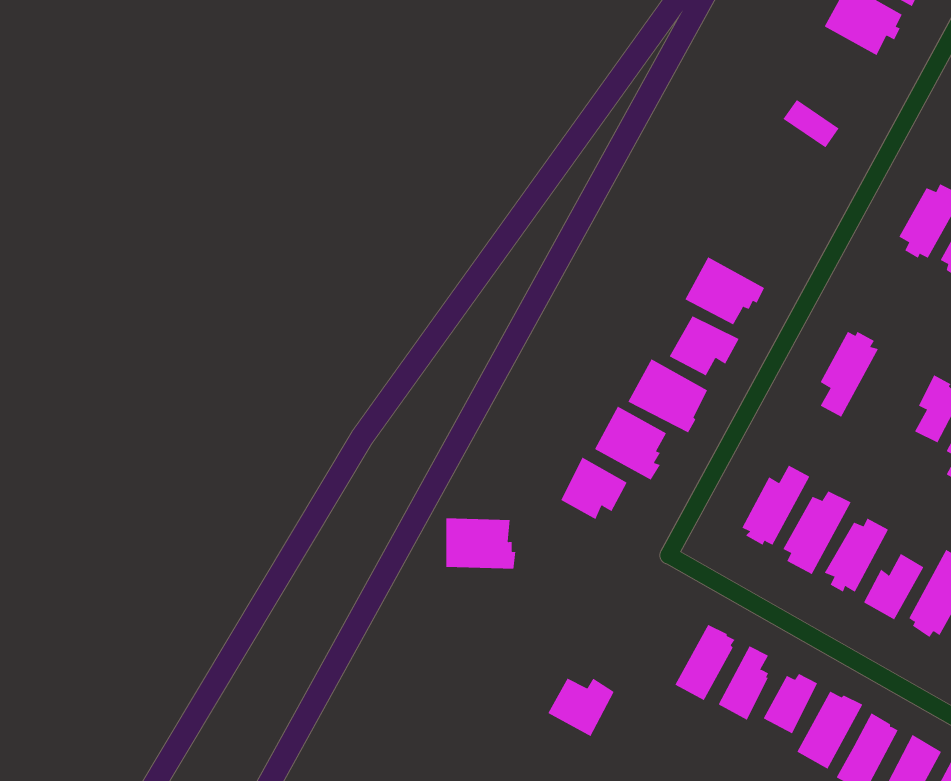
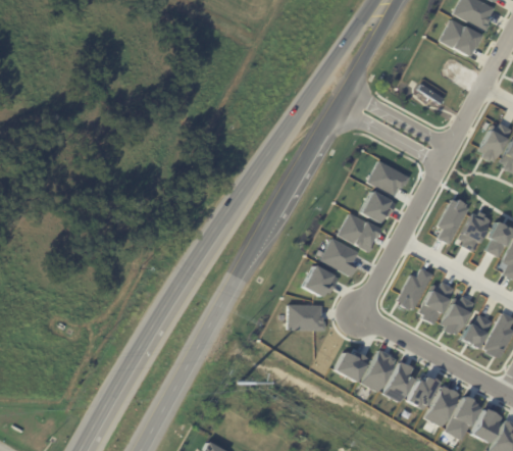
building: none -> [459,212,490,252]
building: [446,518,516,569] -> [289,304,325,331]
building: [548,678,614,737] -> [334,351,368,382]

